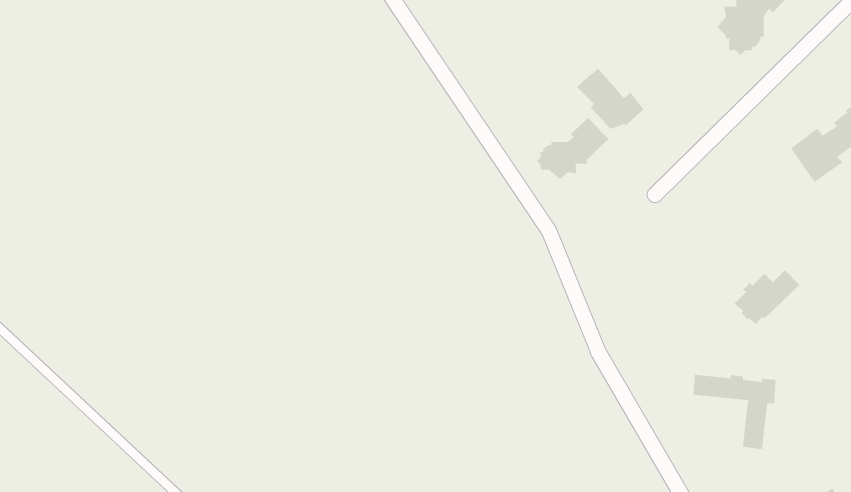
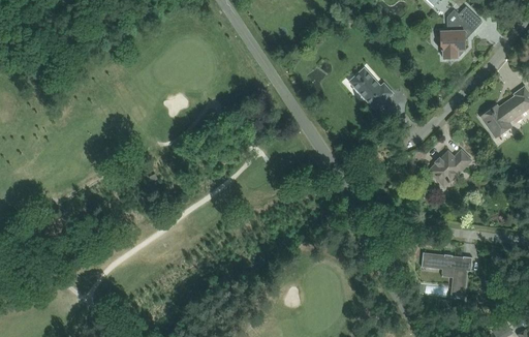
building: [536,117,609,180] -> none
building: [734,270,800,324] -> [430,150,470,183]

